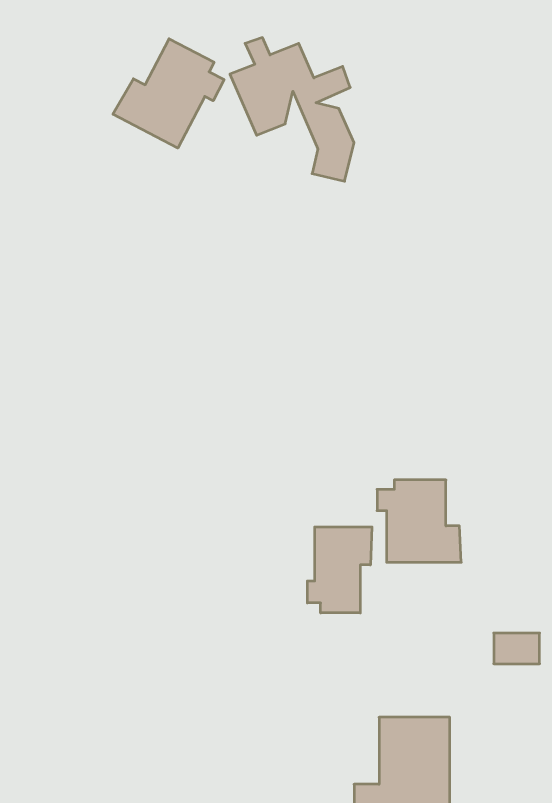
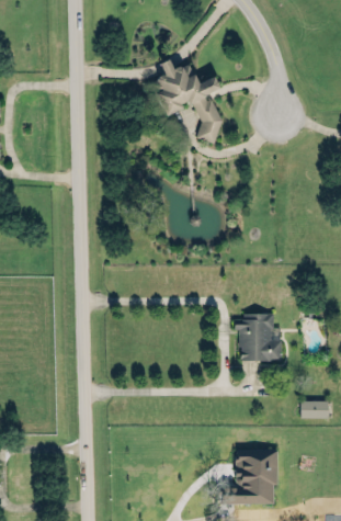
building: [113,39,224,148] -> none
building: [307,527,372,613] -> none

